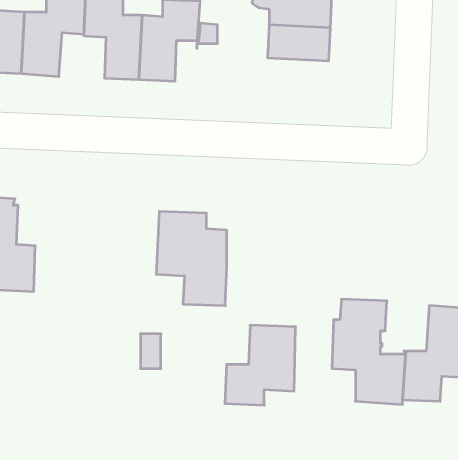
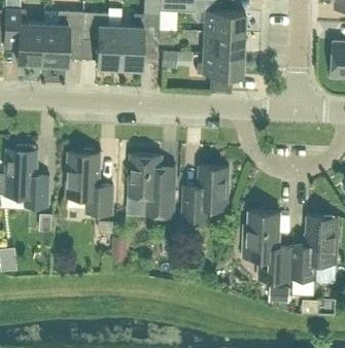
building: none -> [196,54,242,77]
building: none -> [67,149,113,214]
building: [225,325,296,405] -> [182,166,229,218]

